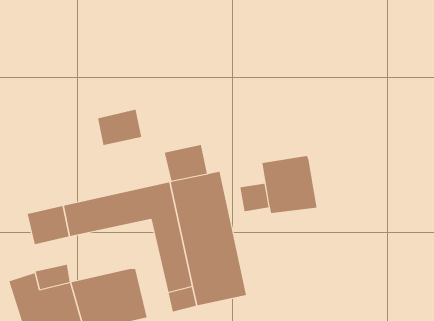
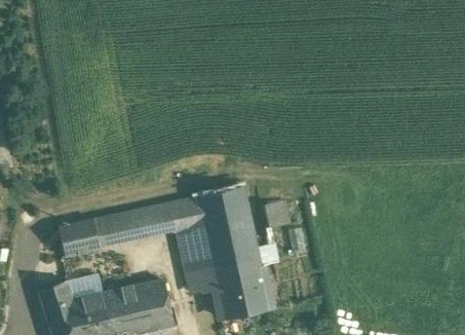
building: [97,109,142,146] -> none
building: [164,144,207,182] -> none
building: [262,155,317,214] -> none

